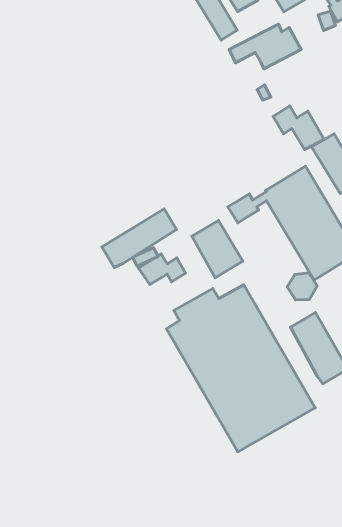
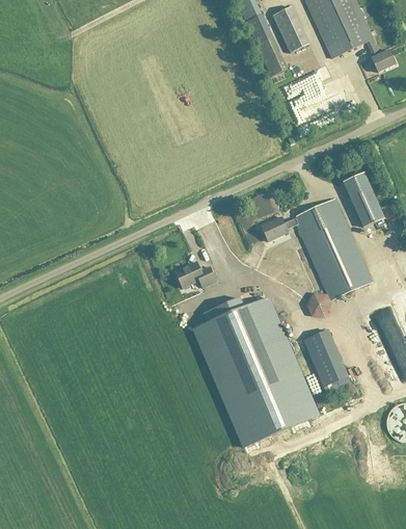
building: [273,106,324,150] -> none
building: [102,209,176,268] -> none
building: [192,220,243,278] -> none

